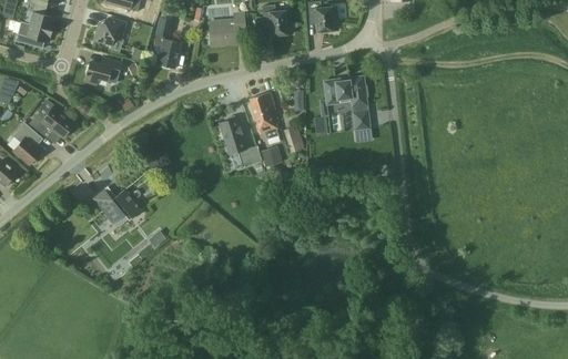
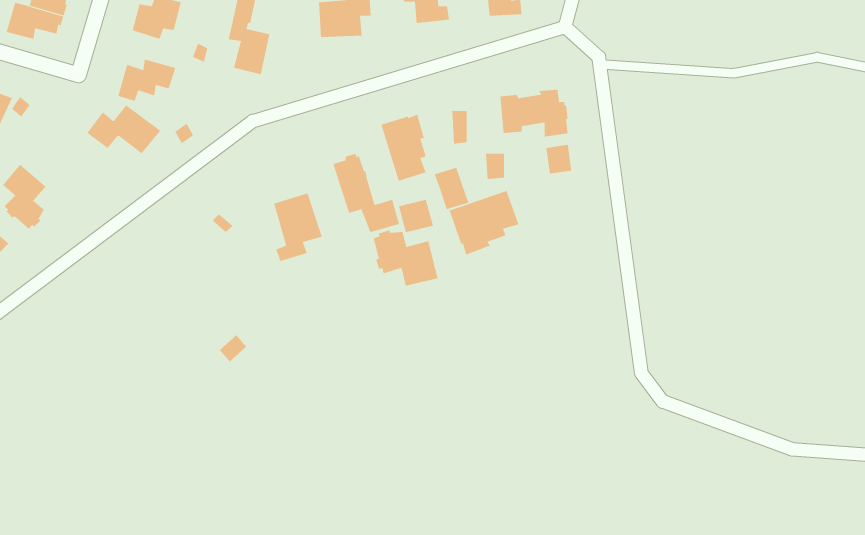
building: [29,106,75,137] -> [87,104,161,154]
building: none -> [449,190,519,255]
building: none -> [274,192,323,262]
building: none -> [373,230,438,286]
building: [92,188,141,223] -> none

